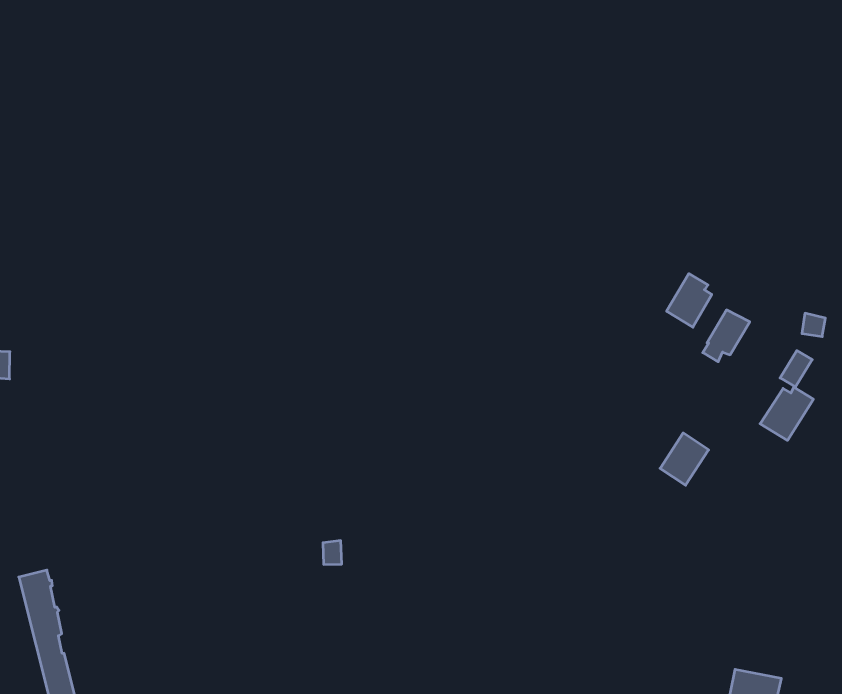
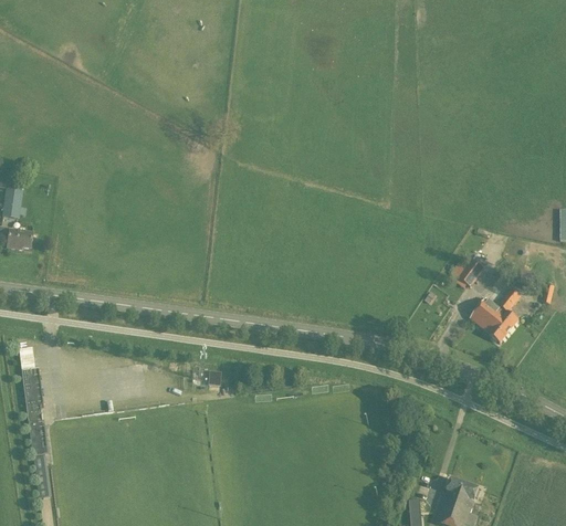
building: [667,274,712,327] -> none
building: [660,433,709,485] -> [469,299,500,332]

